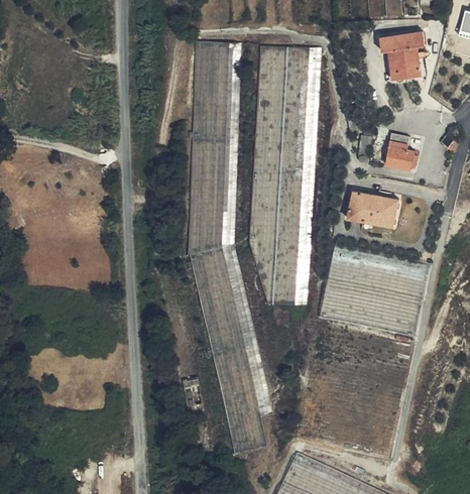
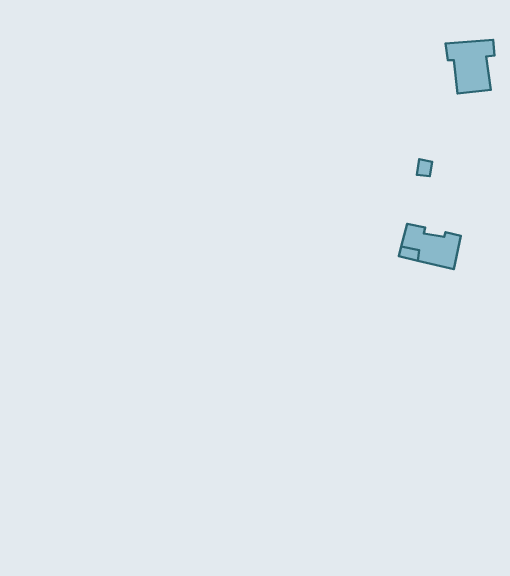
building: [384,133,414,171] -> none

